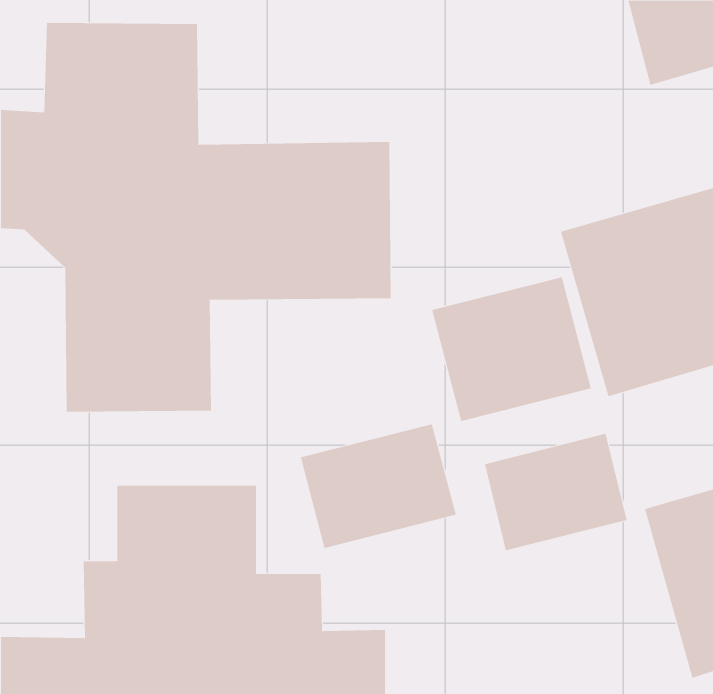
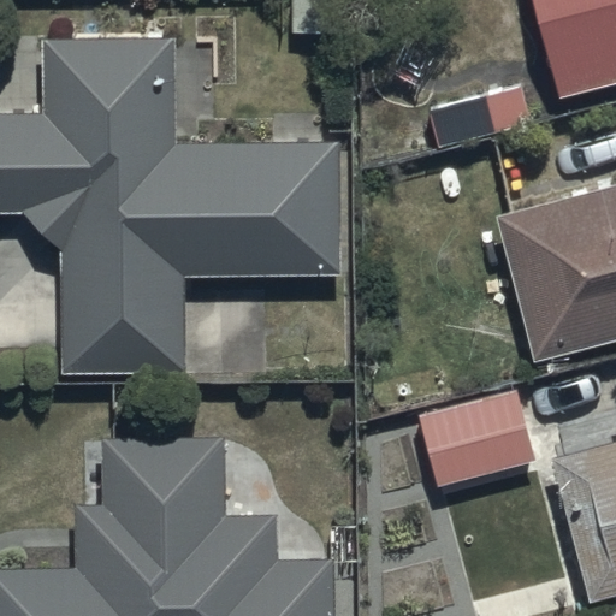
building: [431,276,592,422] -> none
building: [300,424,456,549] -> none

